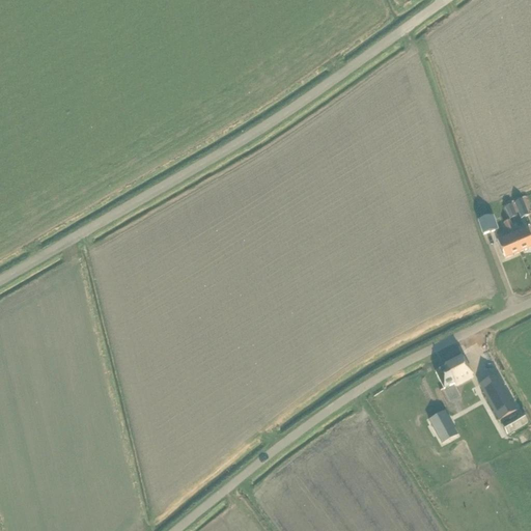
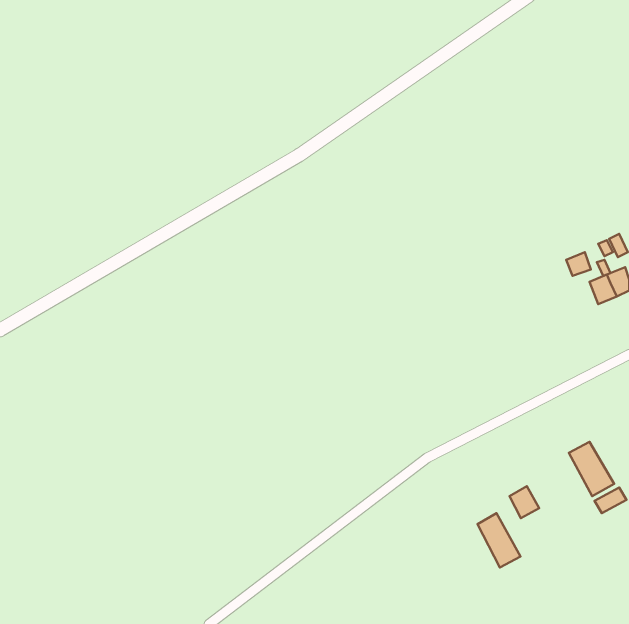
building: [436,354,473,387] -> none
building: none -> [477,513,520,568]

